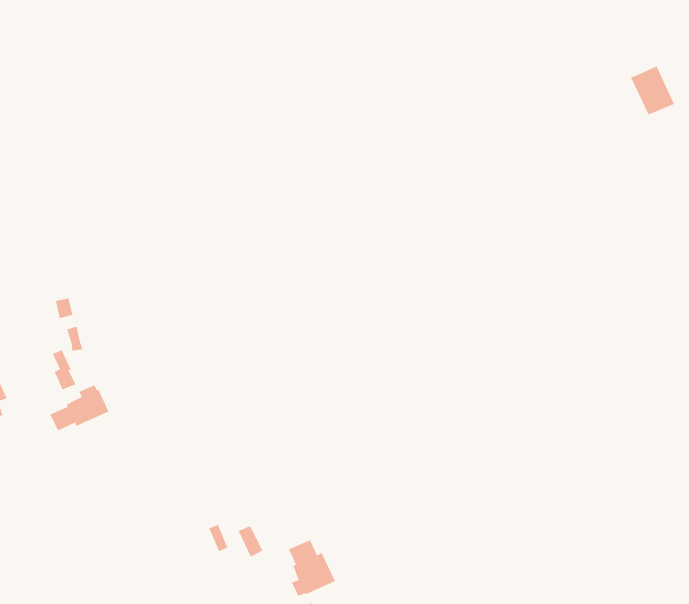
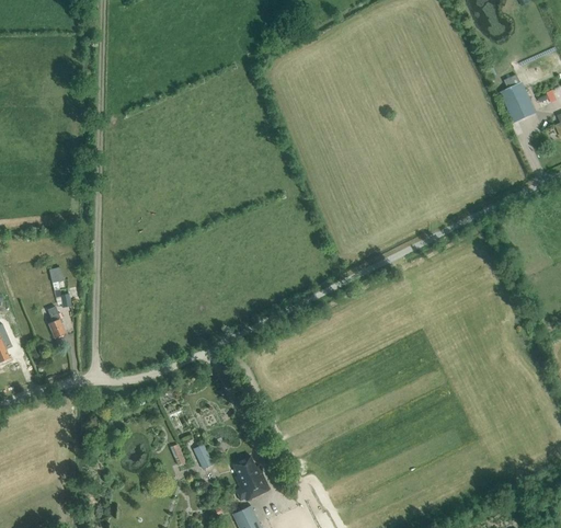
building: [50,385,109,431] -> none

